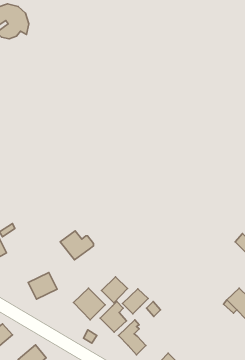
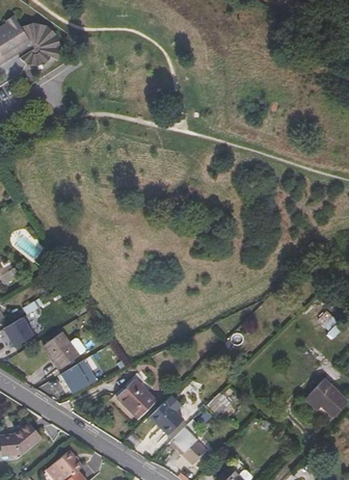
building: [60,231,93,260] -> [43,332,84,369]
building: [102,277,128,303] -> none
building: [123,289,148,314] -> none

